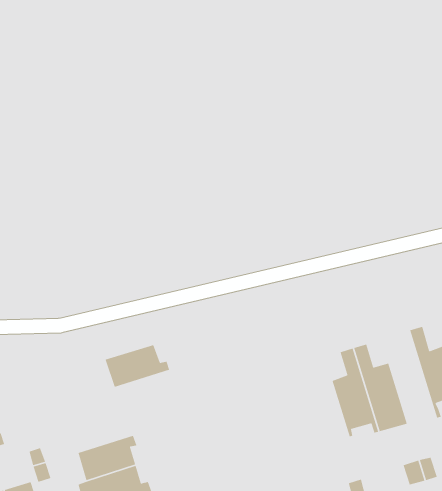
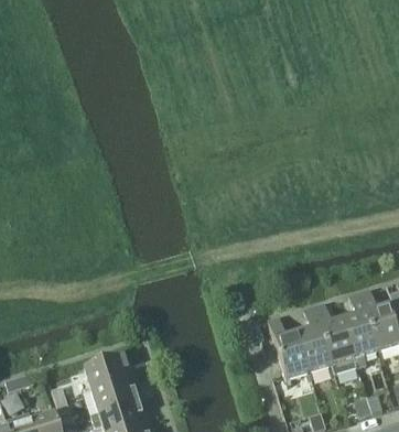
building: none -> [343,291,381,367]
building: [105,344,170,388] -> [84,355,137,390]
building: none -> [268,316,311,384]

